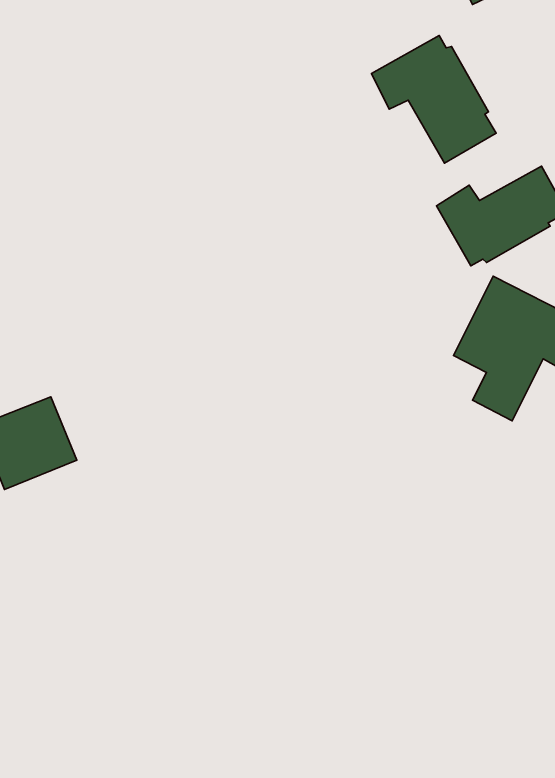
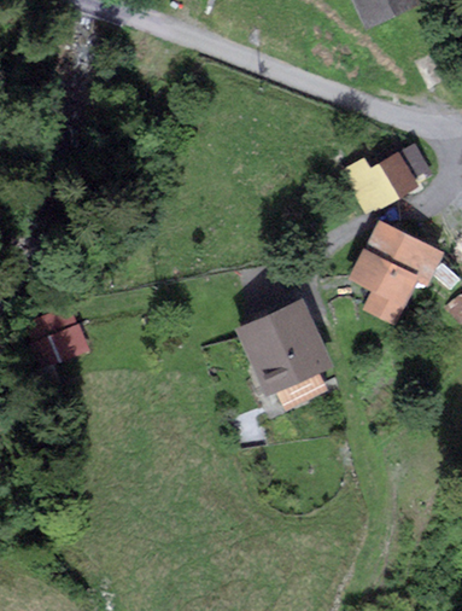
building: [371,35,496,163] -> none
building: none -> [240,301,328,409]

